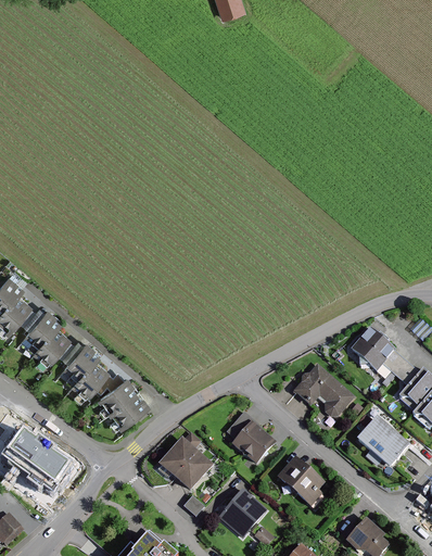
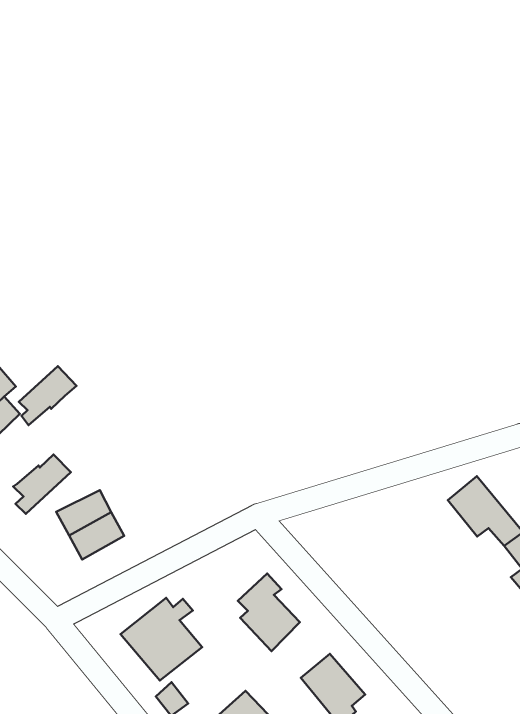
building: [65,339,101,380] -> [19,366,76,425]
building: [296,365,354,417] -> none
building: [357,418,409,469] -> none

